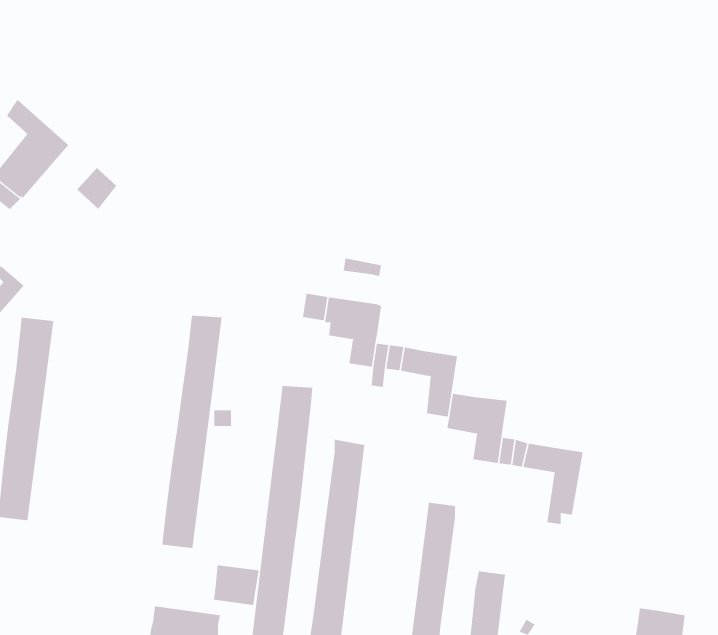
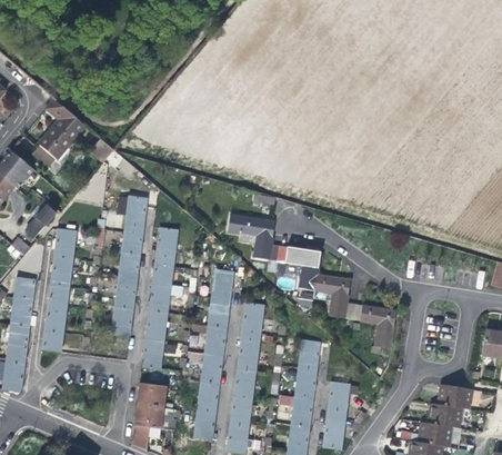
building: none -> [109,196,147,337]
building: [213,565,260,605] -> [137,382,164,406]
building: none -> [435,384,466,409]

